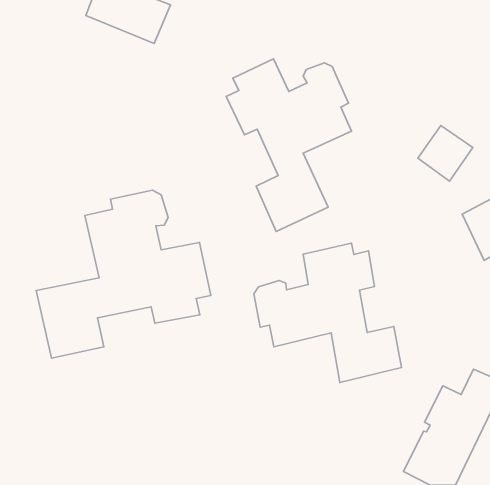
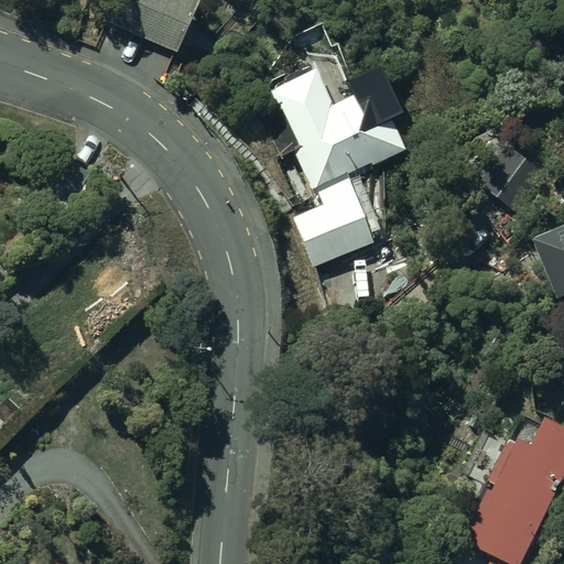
building: [36,190,211,358] -> none
building: [254,243,402,383] -> none

